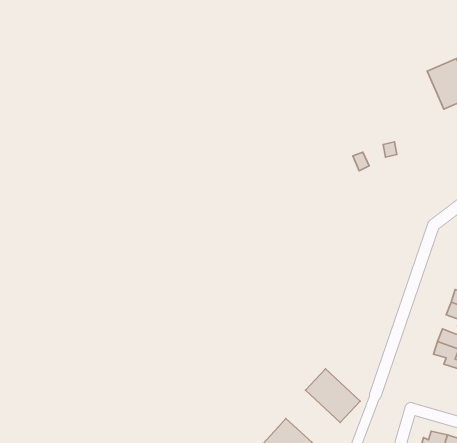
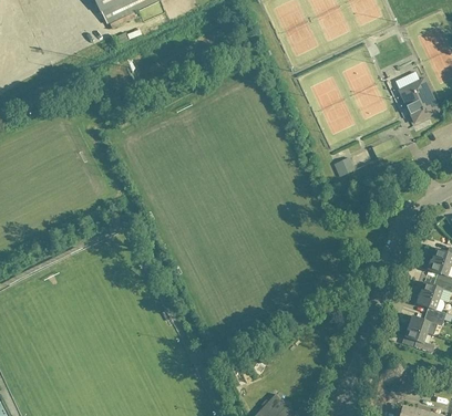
building: [305,369,360,423] -> none

